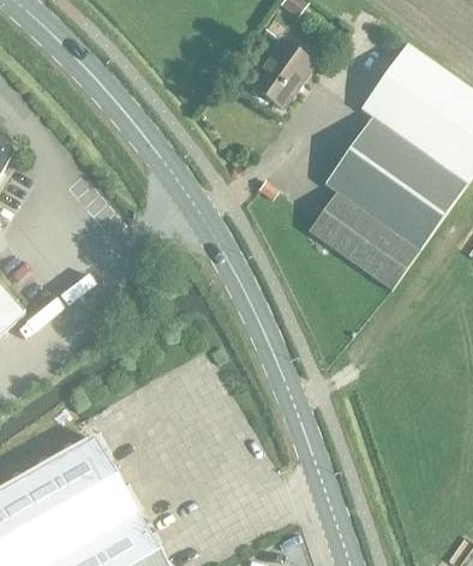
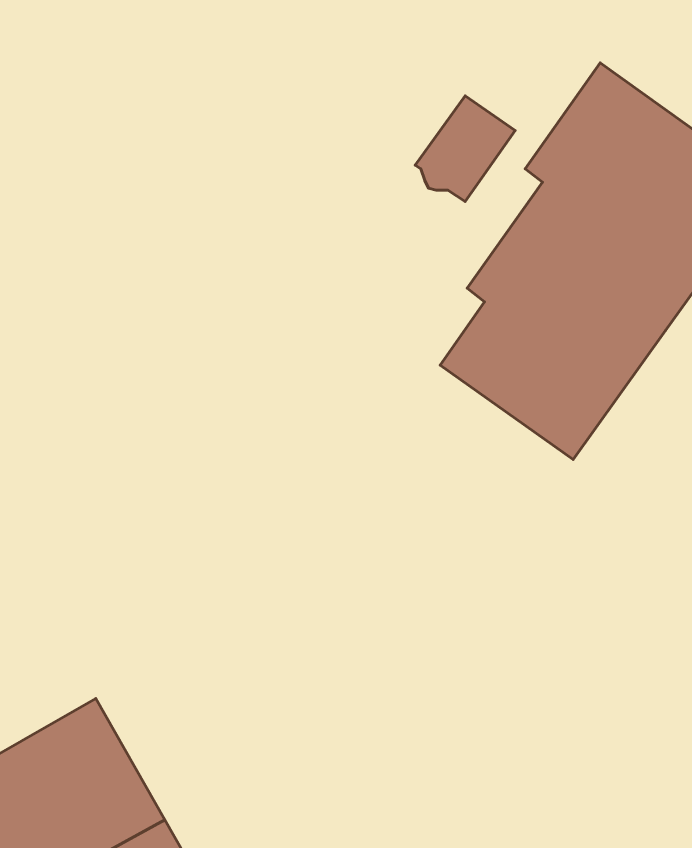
building: [249,41,311,107] -> [415,96,515,202]

